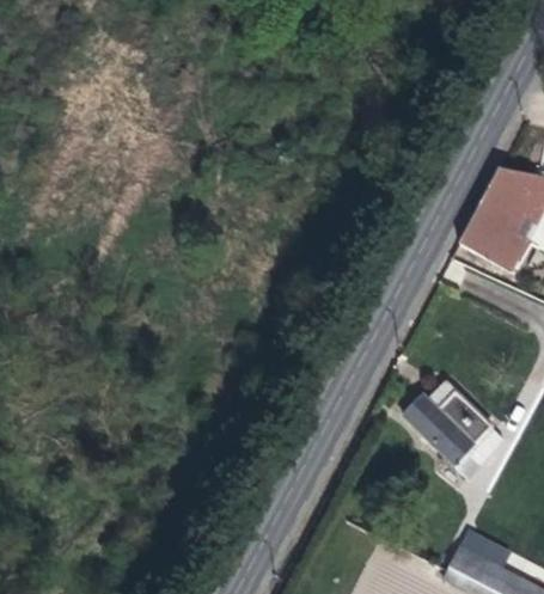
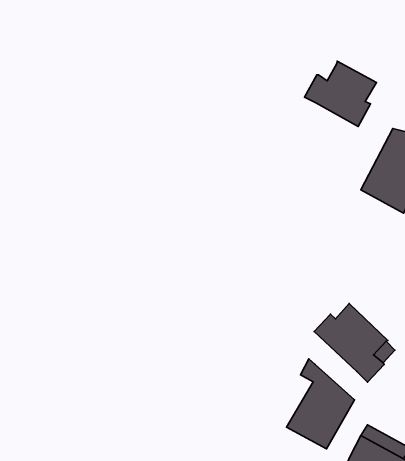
building: none -> [304,61,376,126]
building: none -> [287,359,355,449]

